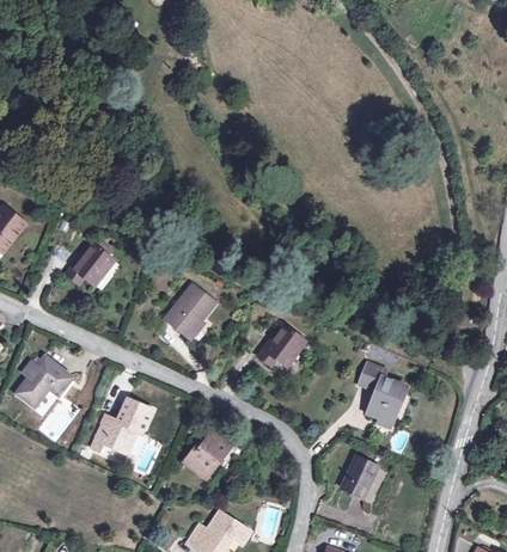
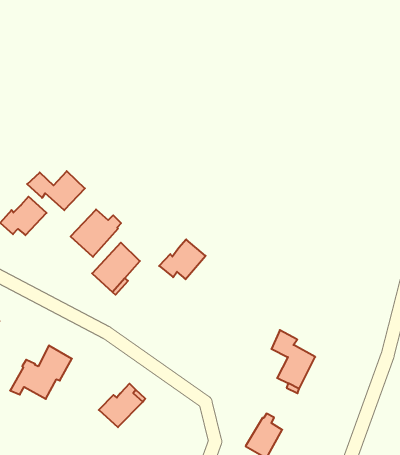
building: none -> [27,171,85,210]
building: none -> [71,209,121,257]
building: [256,325,304,367] -> [159,239,206,279]

